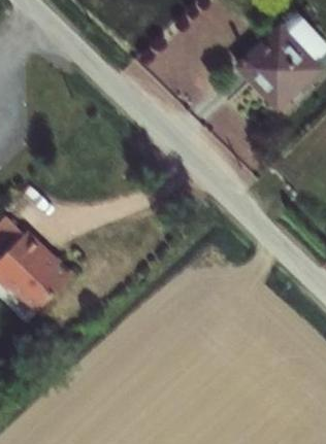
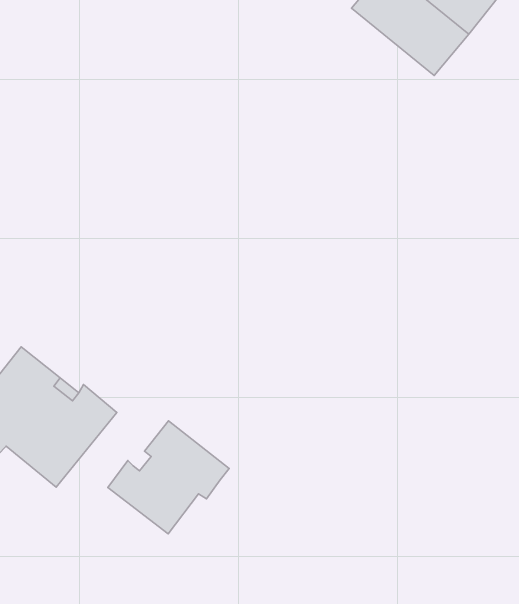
building: none -> [108,421,229,534]

